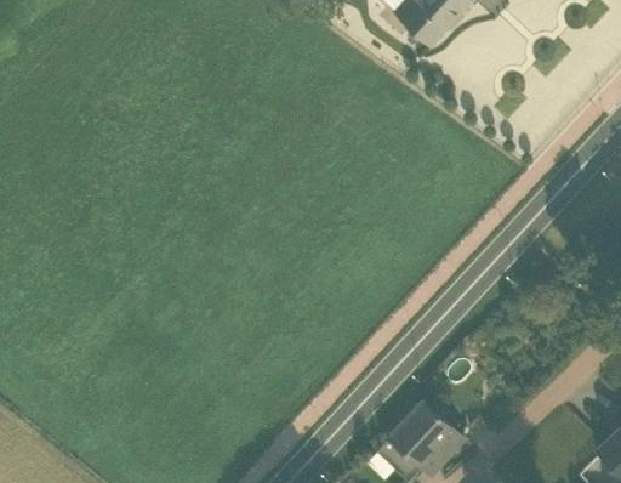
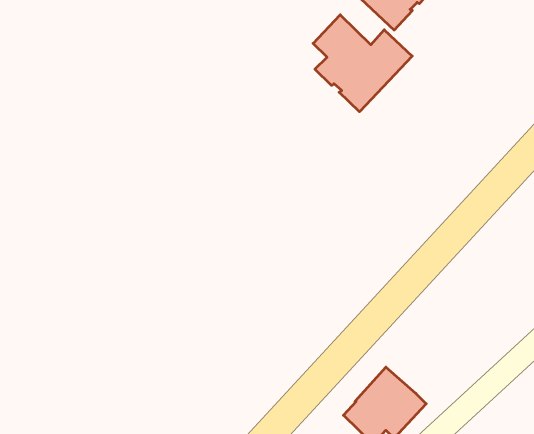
building: none -> [313,15,412,112]

